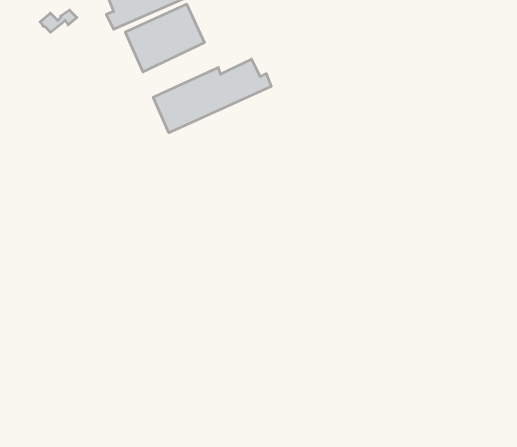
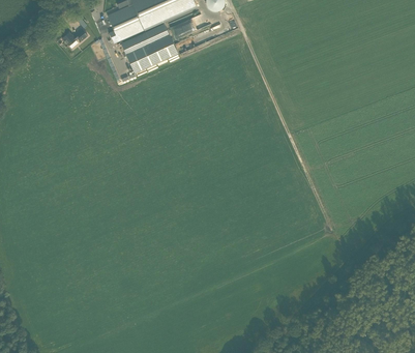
building: [153,59,271,133] -> none

